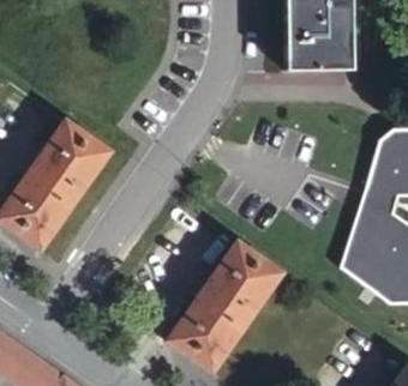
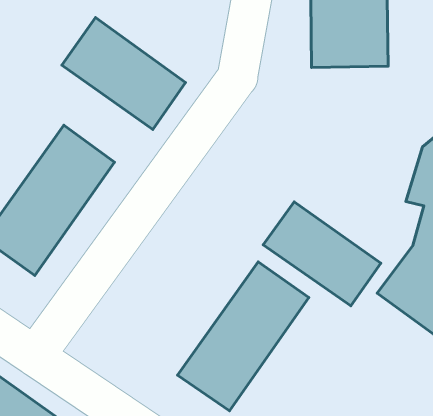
building: none -> [62,18,185,130]
building: none -> [263,202,381,306]

